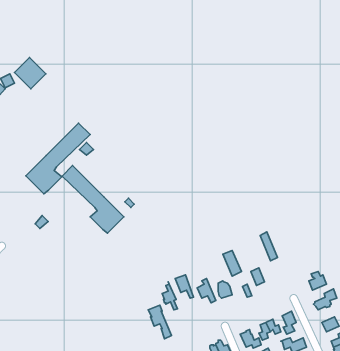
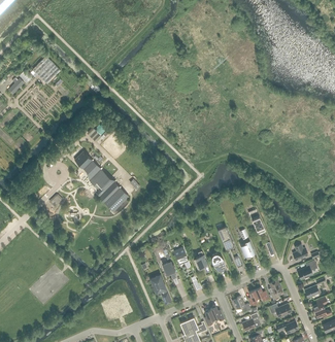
building: [26,123,90,194] -> none

